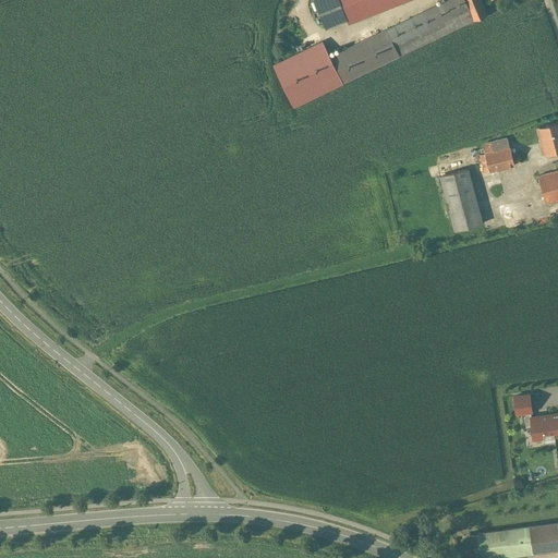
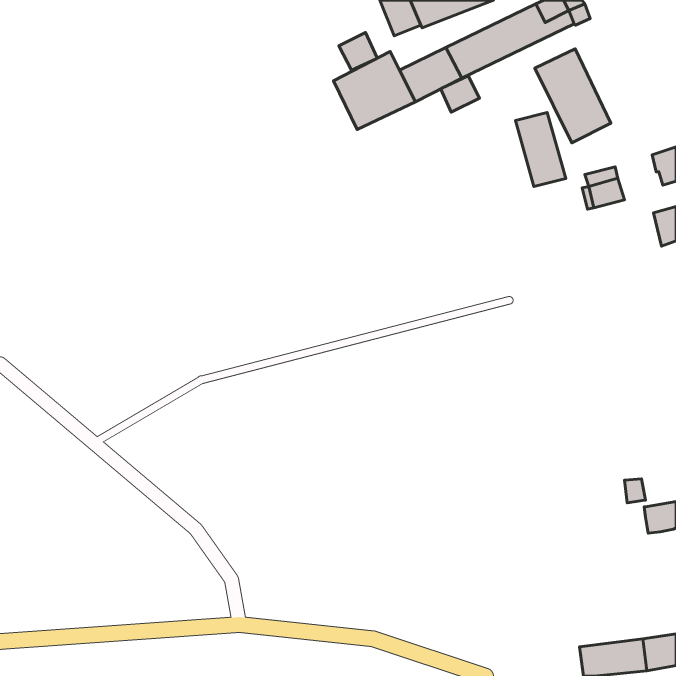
building: none -> [339,33,377,70]
building: none -> [535,49,611,143]
building: none -> [441,76,480,112]
building: [440,169,482,230] -> [515,112,566,187]

